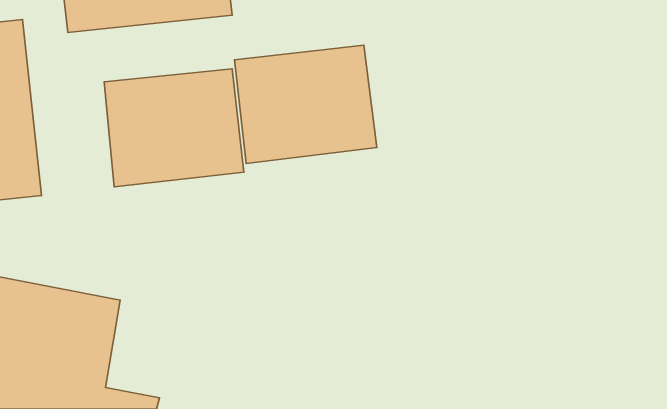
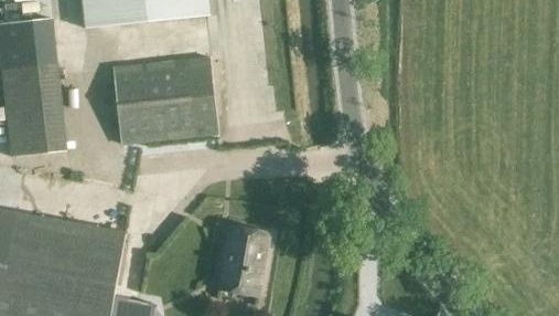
building: [234,45,377,163] -> none
building: none -> [217,224,270,295]

